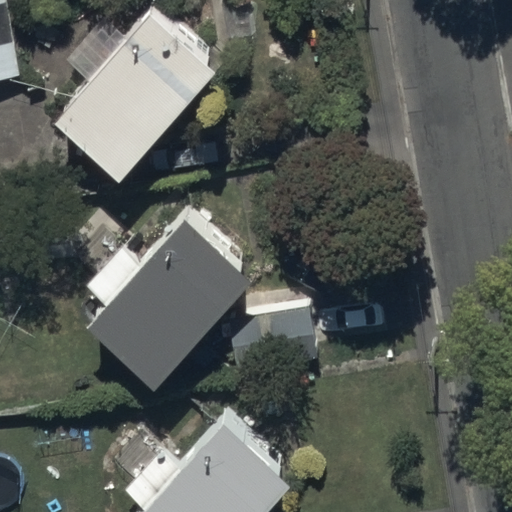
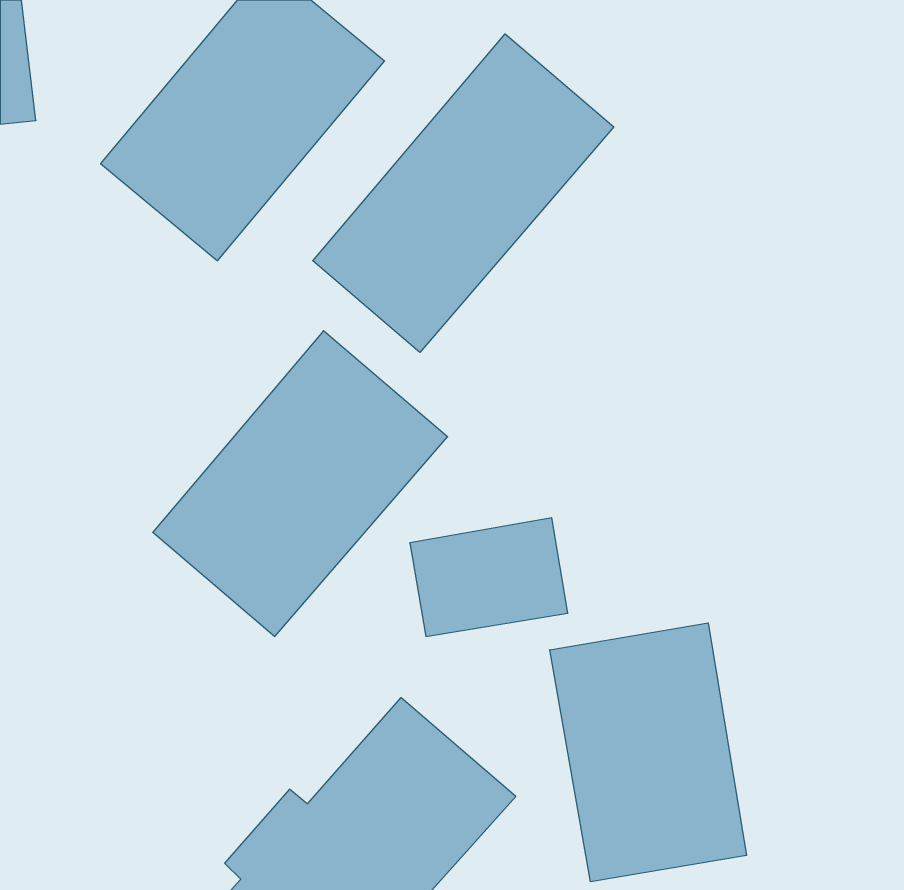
building: none -> [313,34,614,352]
building: none -> [550,623,747,882]

